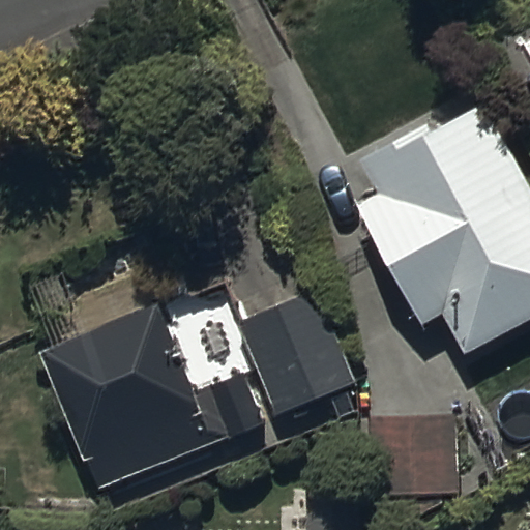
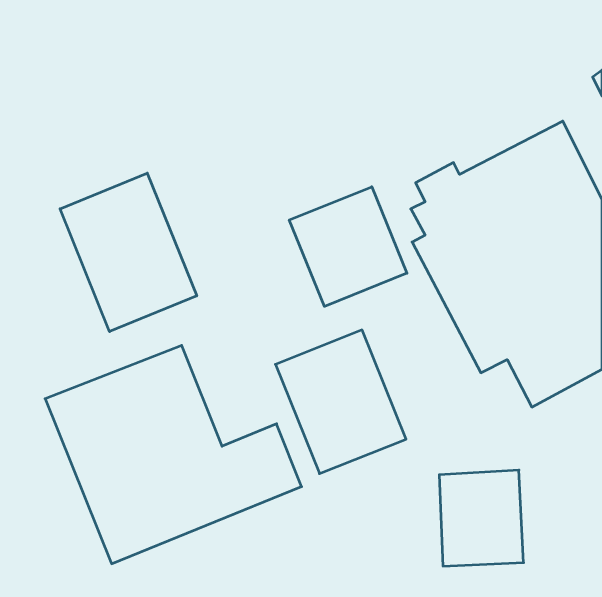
building: none -> [60,173,197,332]
building: none -> [289,187,407,306]

